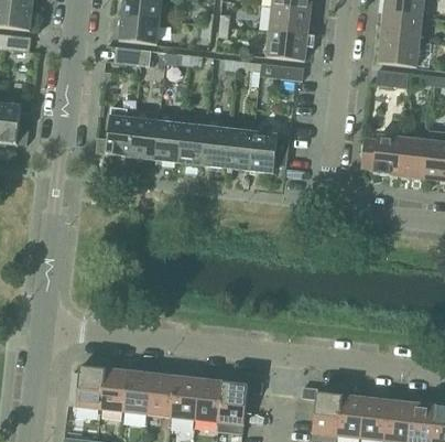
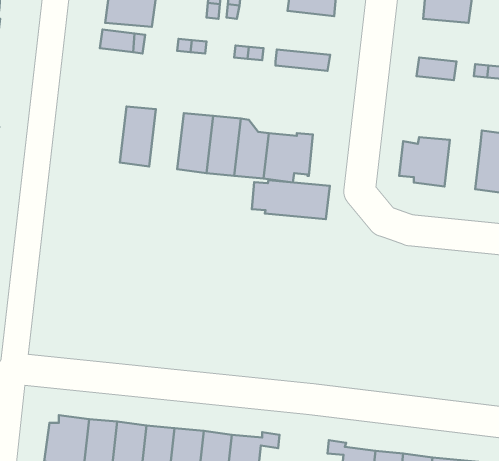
building: [267,31,307,61] -> none
building: [378,37,419,67] -> none
building: [95,107,135,157] -> none
building: [154,112,183,162] -> none
building: [399,138,428,179] -> none
building: none -> [252,180,330,219]

